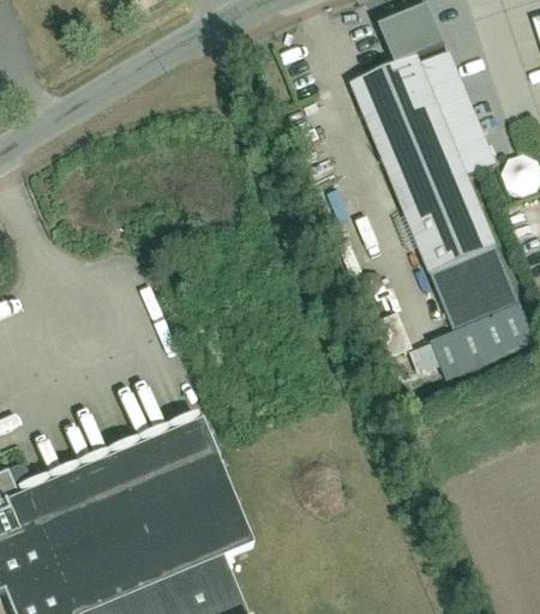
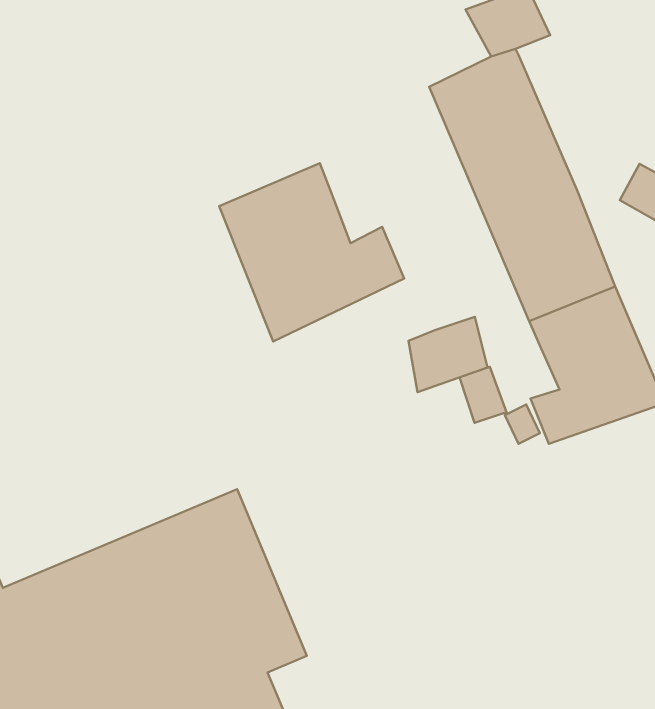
building: [422,55,498,175] -> none
building: none -> [219,163,404,341]
building: none -> [408,317,487,392]

